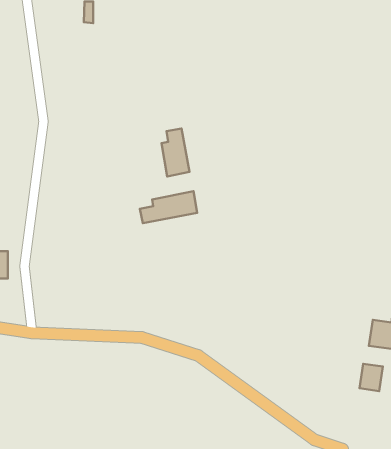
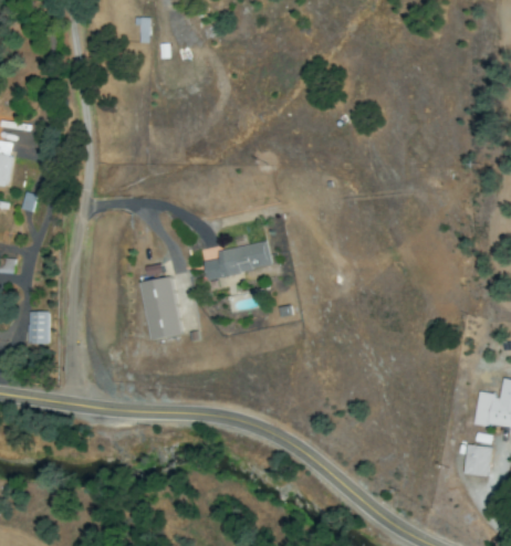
building: [162,128,190,176] -> none
building: none -> [140,276,182,340]

